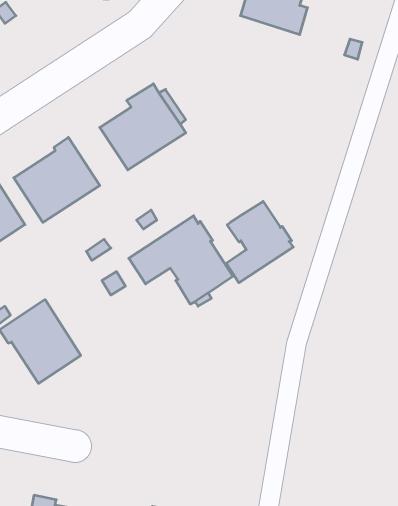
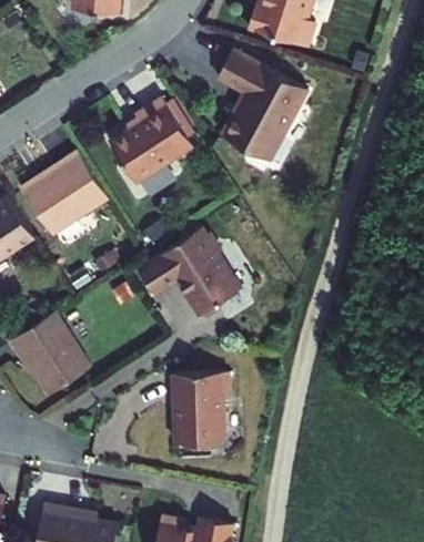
building: none -> [218,49,307,160]
building: [226,201,293,283] -> none
building: none -> [172,371,229,443]

